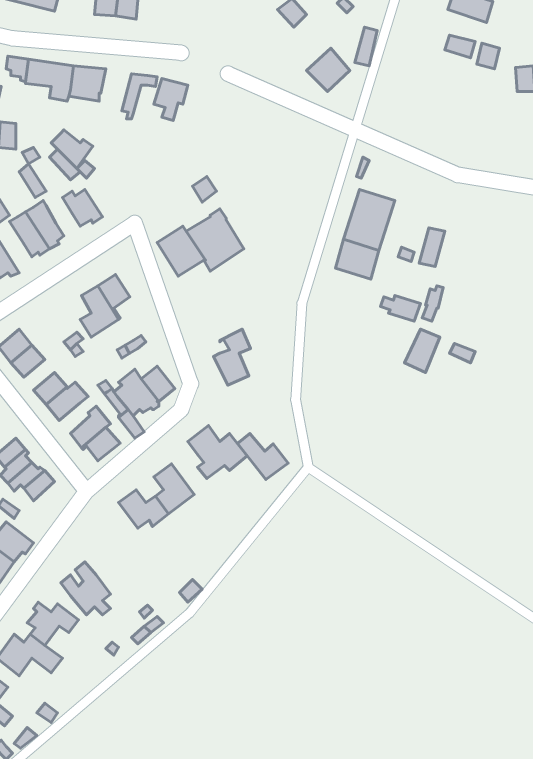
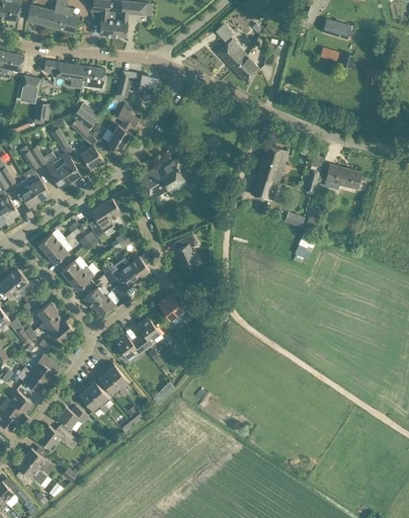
building: none -> [217,39,247,70]
building: none -> [106,109,138,150]
building: none -> [323,165,360,189]
building: [237,433,288,480] -> none
building: none -> [96,363,129,397]

